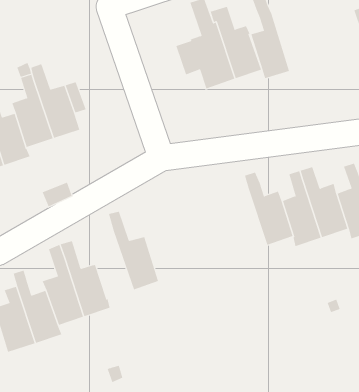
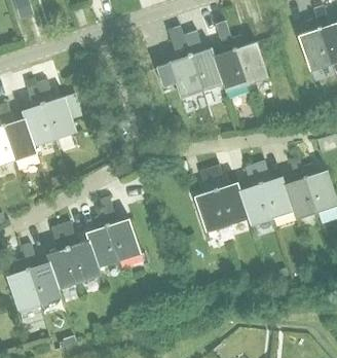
building: none -> [232,35,269,84]
building: none -> [194,169,228,232]
building: none -> [86,214,120,268]

